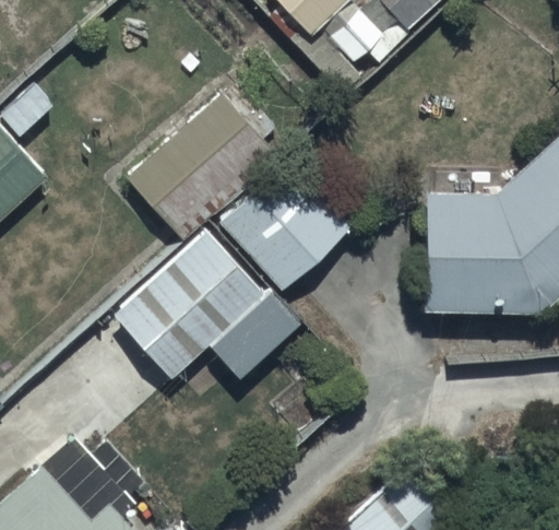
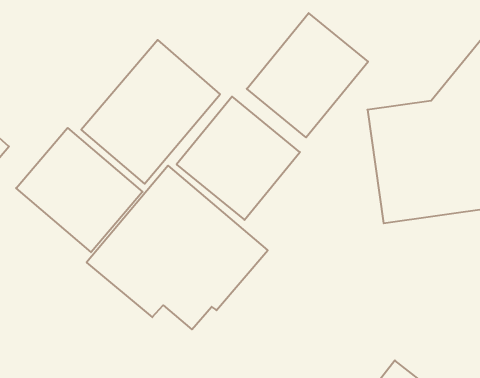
building: none -> [247,13,368,137]
building: none -> [16,128,143,252]

